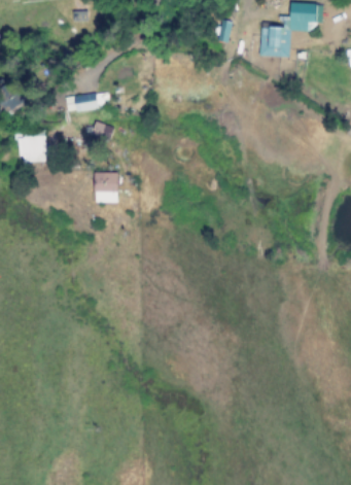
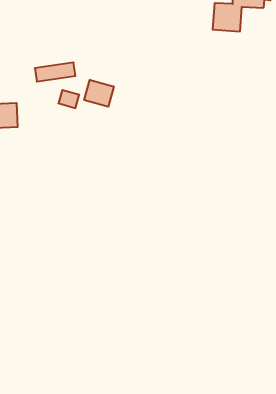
building: none -> [84,80,114,107]
building: [93,171,116,202] -> none

